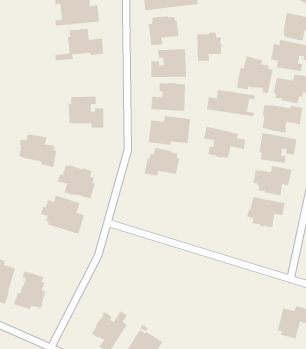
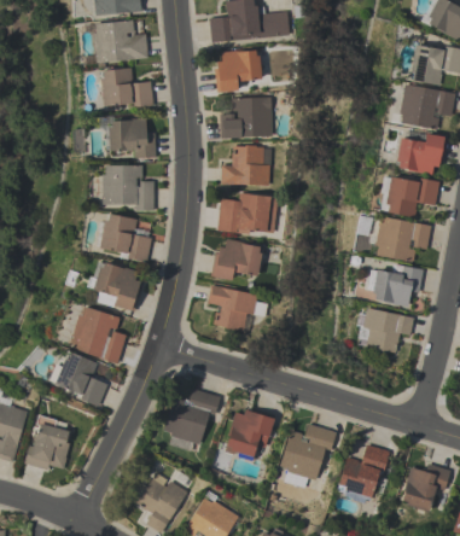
building: [197,32,222,61] -> none
building: [236,55,273,94] -> none
building: none -> [100,116,157,158]
building: [206,89,255,117] -> none
building: [203,126,246,158] -> [208,284,269,330]
building: [18,134,57,168] -> [97,214,152,262]
building: none -> [50,351,109,407]
building: none -> [164,388,221,451]
building: none -> [226,408,275,460]
building: none -> [280,424,337,489]
building: none -> [338,444,390,499]

